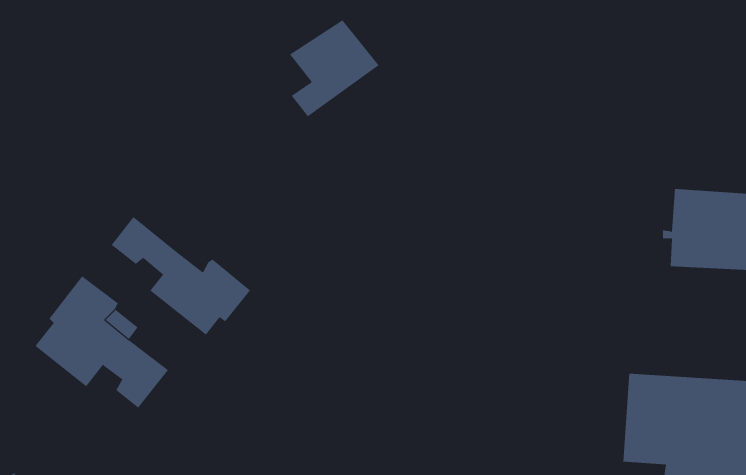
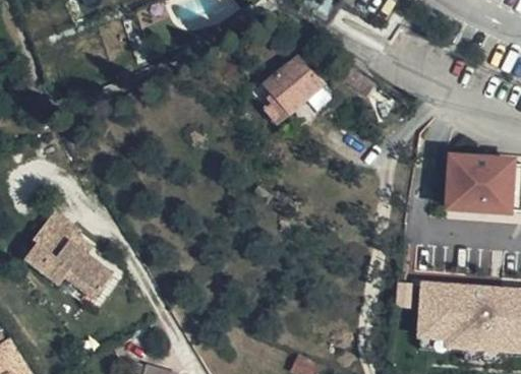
building: [289,19,379,117] -> [274,45,334,110]
building: [111,216,251,336] -> none

